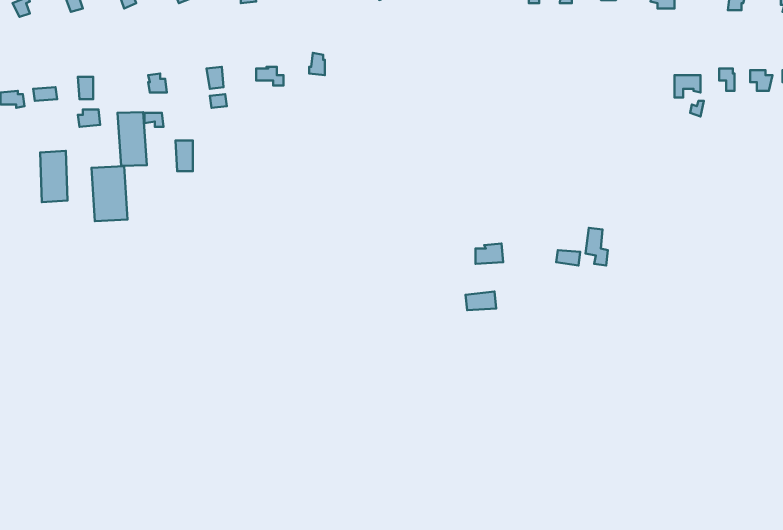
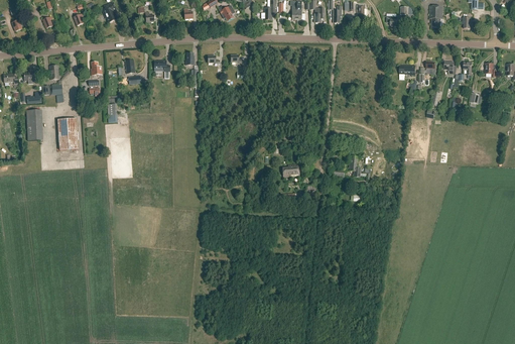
building: [118,112,147,166] -> none

